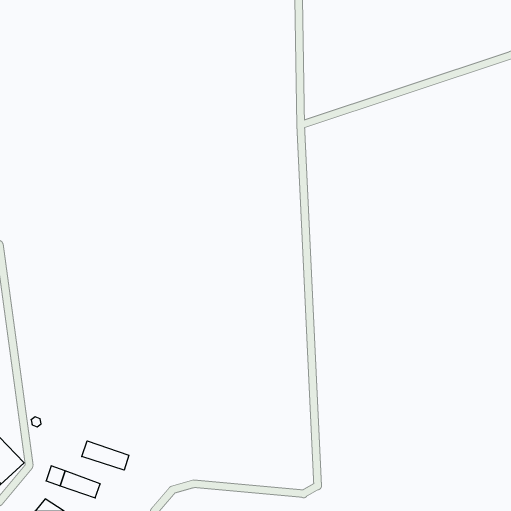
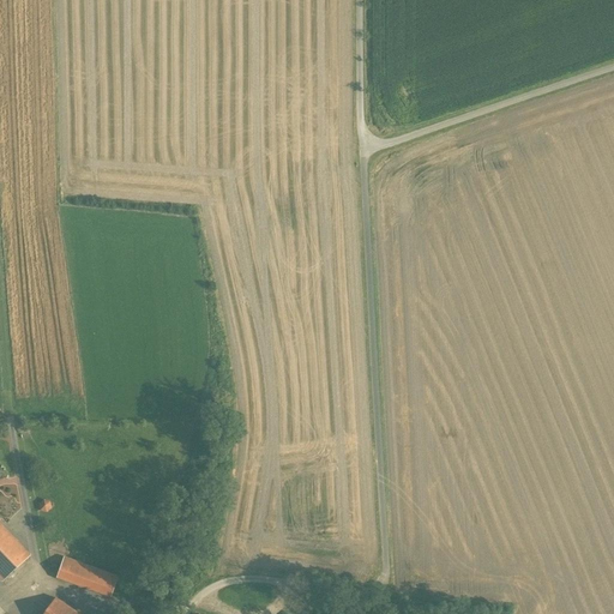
building: [82,441,129,470] -> none

